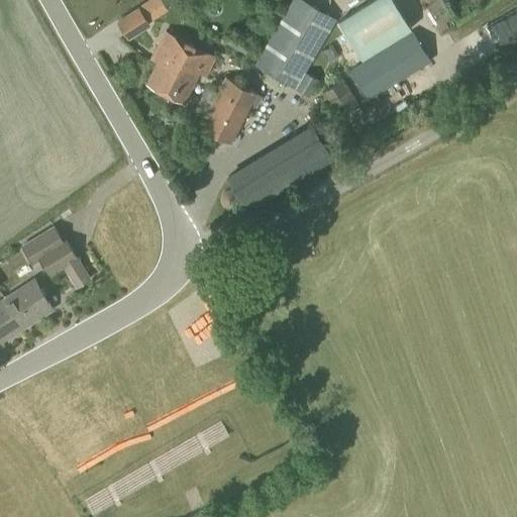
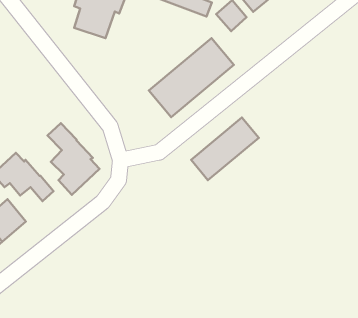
building: [200,79,262,144] -> none
building: none -> [48,123,100,195]
building: none -> [191,117,259,180]

